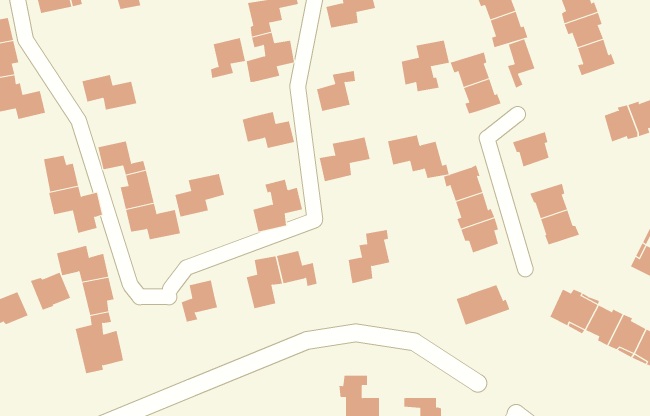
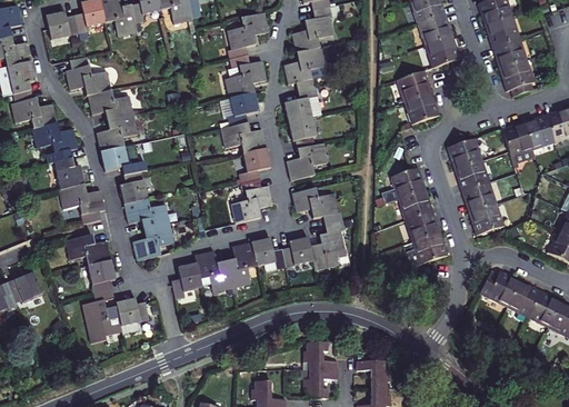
building: none -> [66,56,111,96]
building: [210,37,246,78] -> [228,91,258,126]
building: [507,39,535,88] -> none
building: [401,40,450,92] -> [283,47,325,90]
building: none -> [96,115,138,151]
building: none -> [288,116,316,148]
building: none -> [31,122,78,161]
building: none -> [501,125,531,157]
building: [387,135,449,178] -> [291,187,343,224]
building: none -> [238,147,269,182]
building: none -> [457,160,490,190]
building: [174,174,225,217] -> [132,224,174,260]
building: none -> [281,236,312,266]
building: none -> [194,250,231,291]
building: [30,272,71,311] -> none
building: [456,284,510,325] -> [402,232,448,267]
building: none -> [116,298,149,325]

